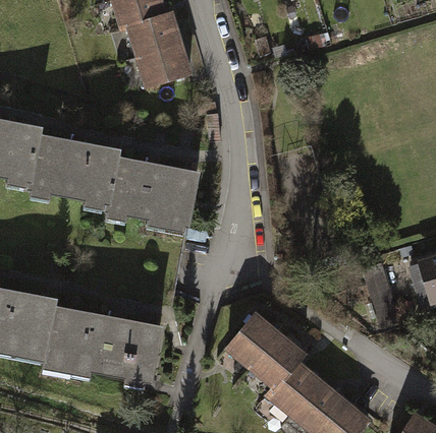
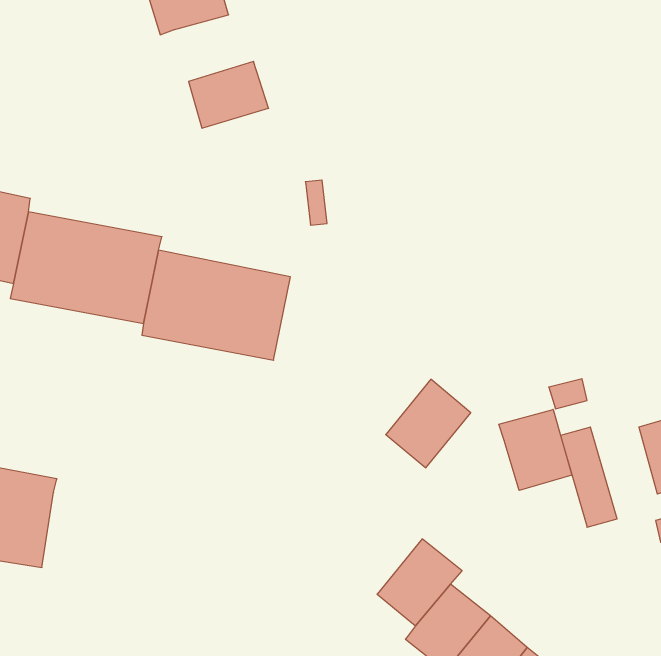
building: [126,13,175,56] -> none
building: none -> [499,409,572,490]
building: [44,306,164,379] -> none
building: [226,314,278,368] -> [386,379,471,468]

